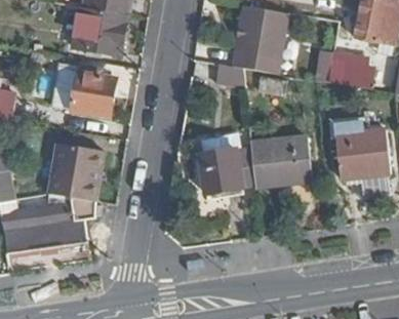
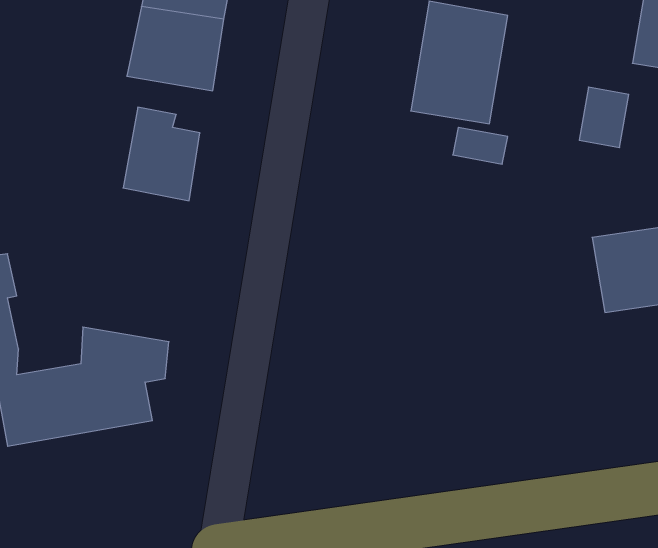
building: [250,133,312,185] -> none
building: [47,137,103,195] -> none
building: [198,148,244,194] -> none

